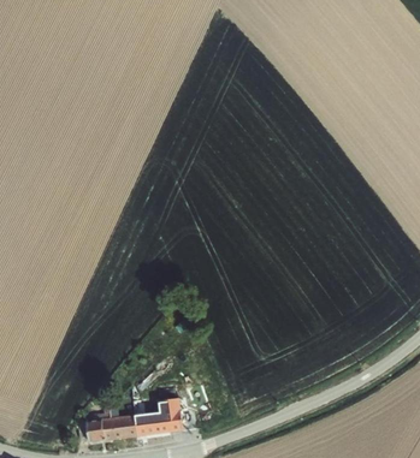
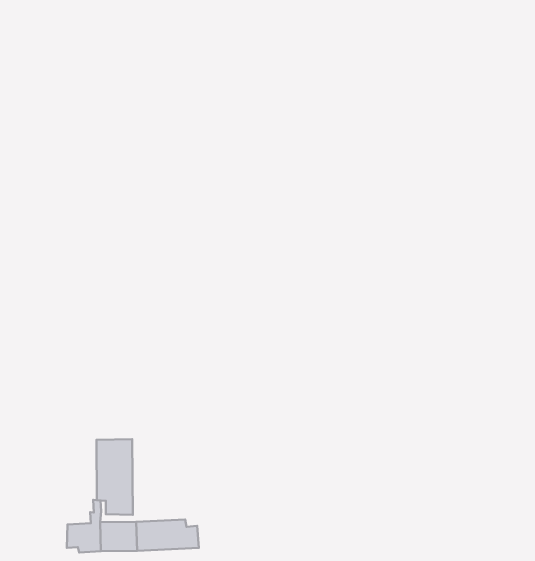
building: none -> [97,439,133,515]

